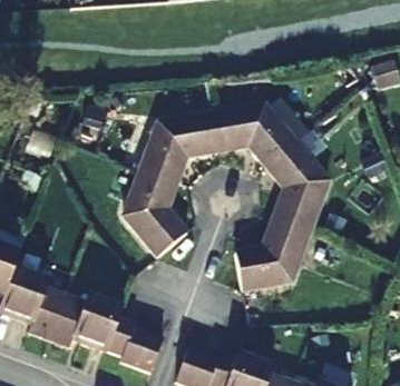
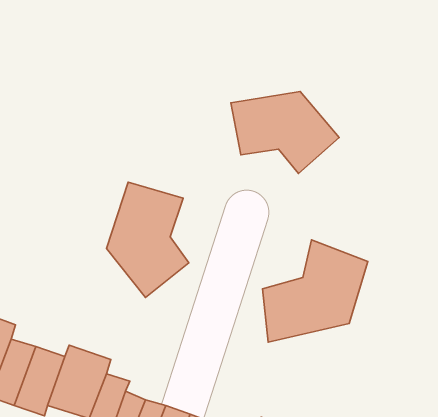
building: [138,110,225,184] -> none
building: [270,137,339,232] -> none

